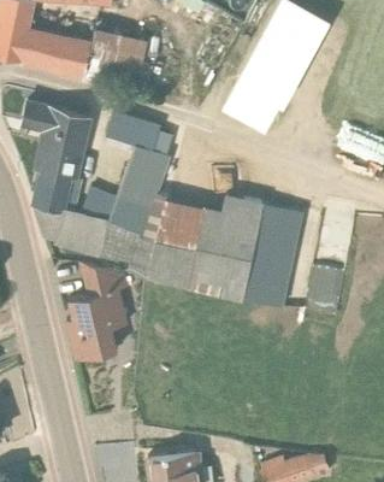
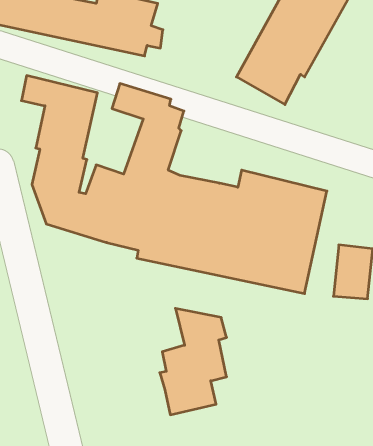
building: [66,268,128,365] -> [160,308,227,415]

